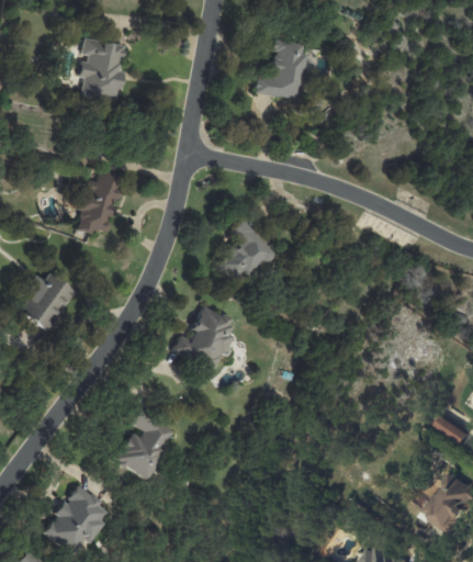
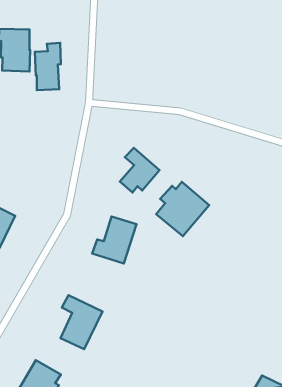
building: [256,40,305,99] -> none
building: [78,170,116,233] -> [35,43,61,90]
building: none -> [156,182,209,236]

